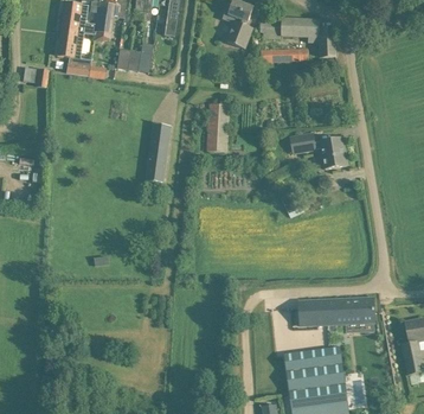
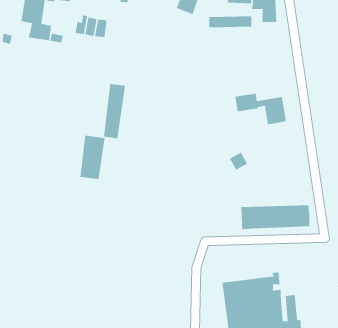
building: [207,103,230,152] -> none
building: none -> [80,135,105,180]
building: [300,298,375,325] -> [241,205,310,230]

